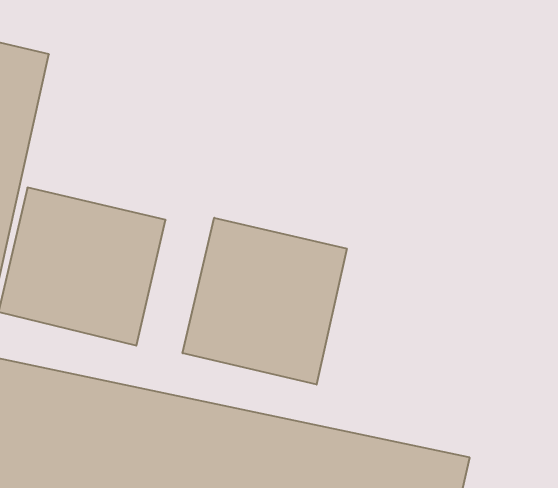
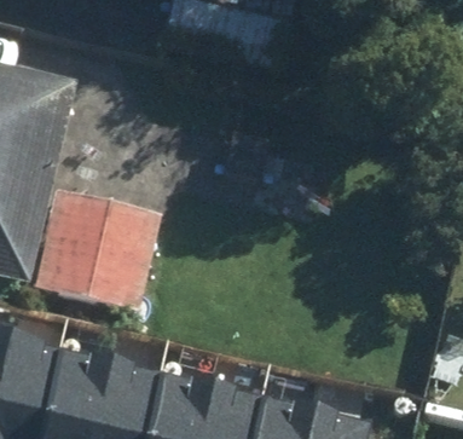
building: [183,218,347,385] -> none

